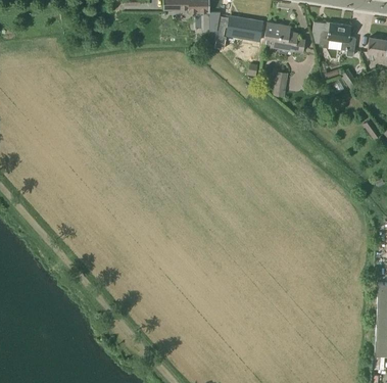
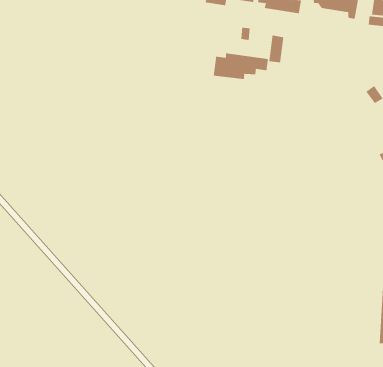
building: none -> [213,53,269,80]

